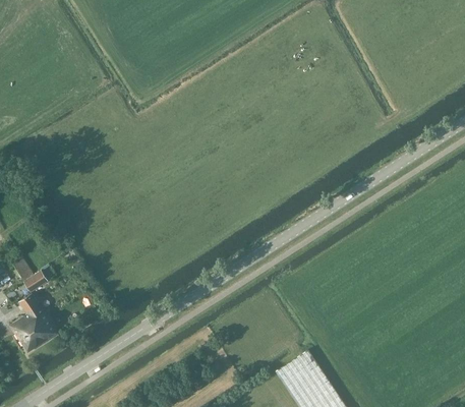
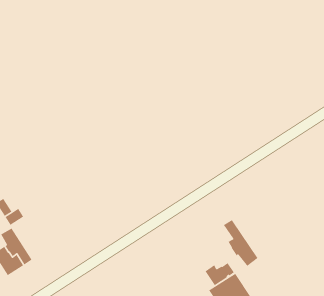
building: none -> [223,219,258,267]
building: none -> [205,262,235,286]

